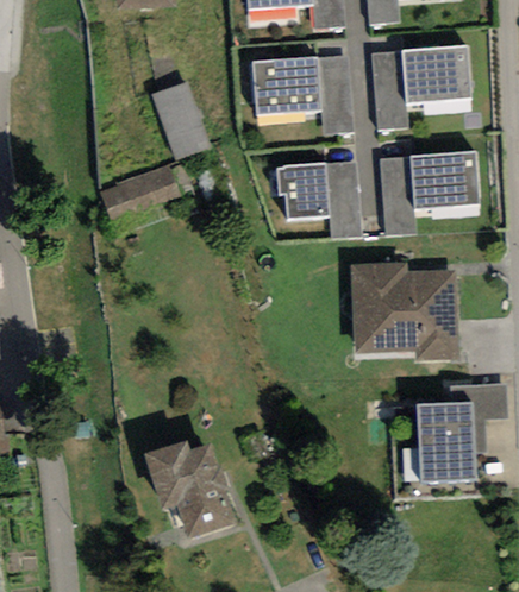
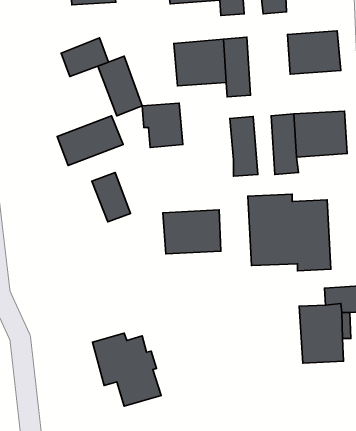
building: [371,50,407,127] -> none
building: none -> [61,38,109,77]
building: [276,160,330,219] -> [142,103,183,147]
building: none -> [92,173,131,222]
building: none -> [163,210,221,254]

